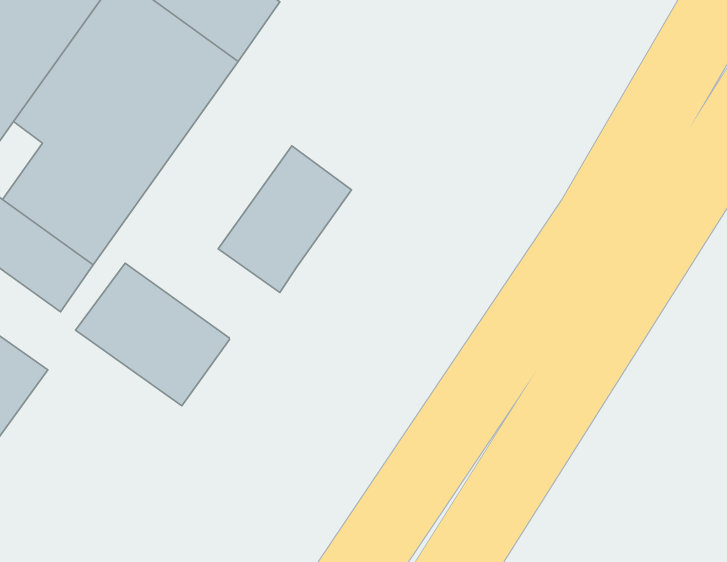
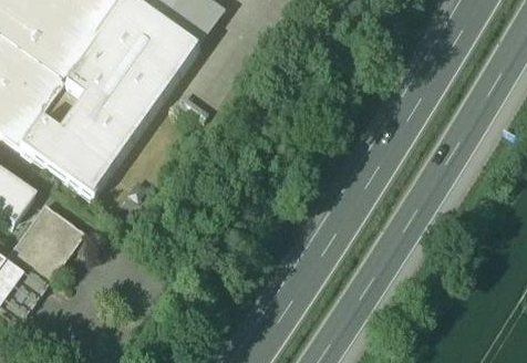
building: [218,146,352,292] -> none
building: [76,263,230,406] -> none

